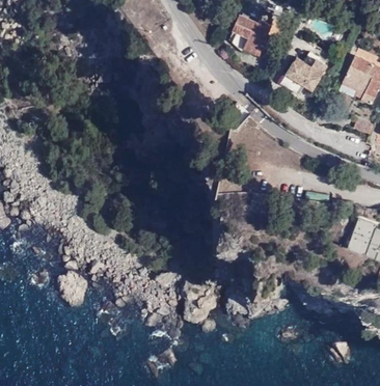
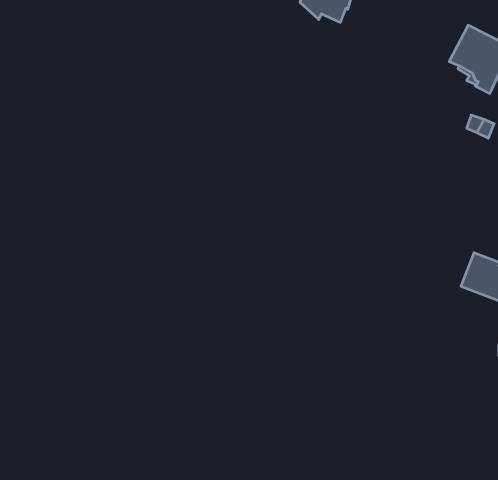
building: [280,57,327,95] -> none

